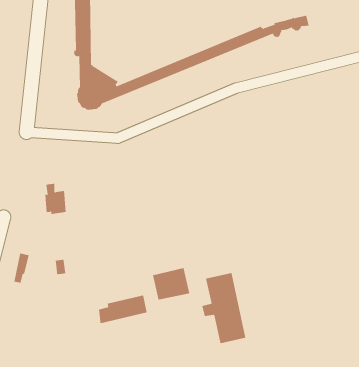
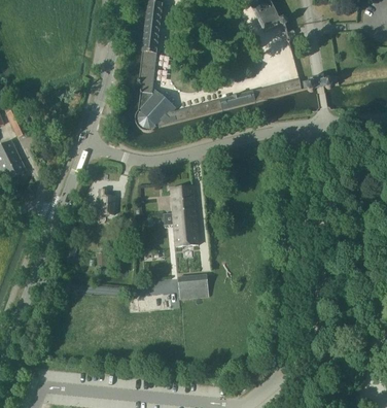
building: [201,272,246,344] -> [165,186,199,245]

